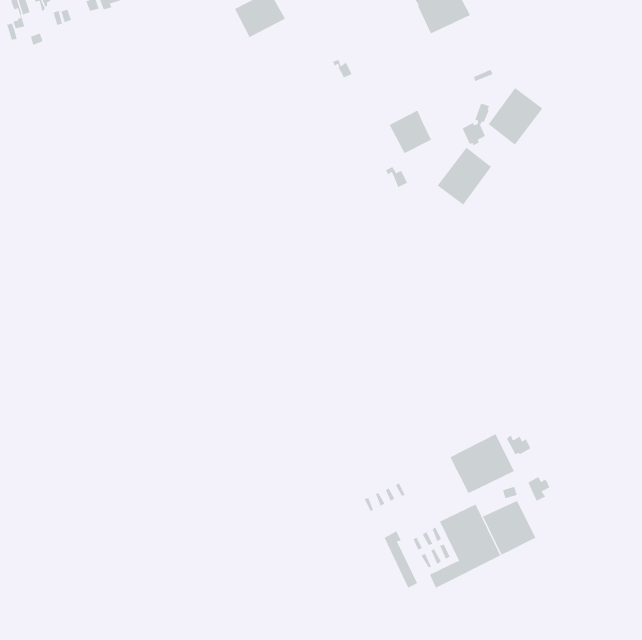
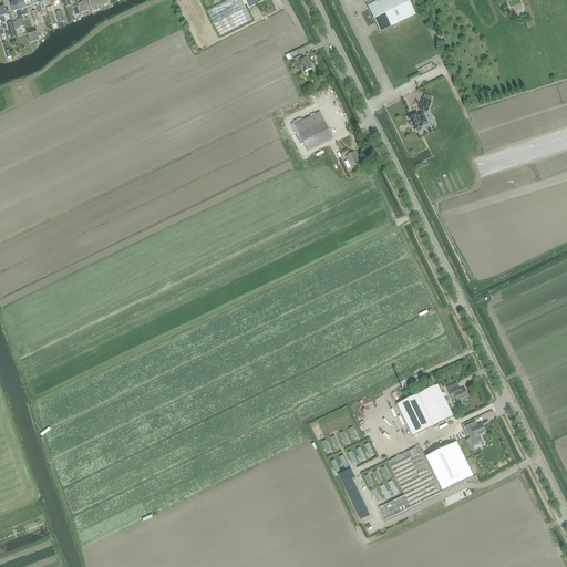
building: [488,87,543,145] -> none
building: [389,110,432,154] -> [293,109,331,147]
building: [437,147,492,206] -> none

